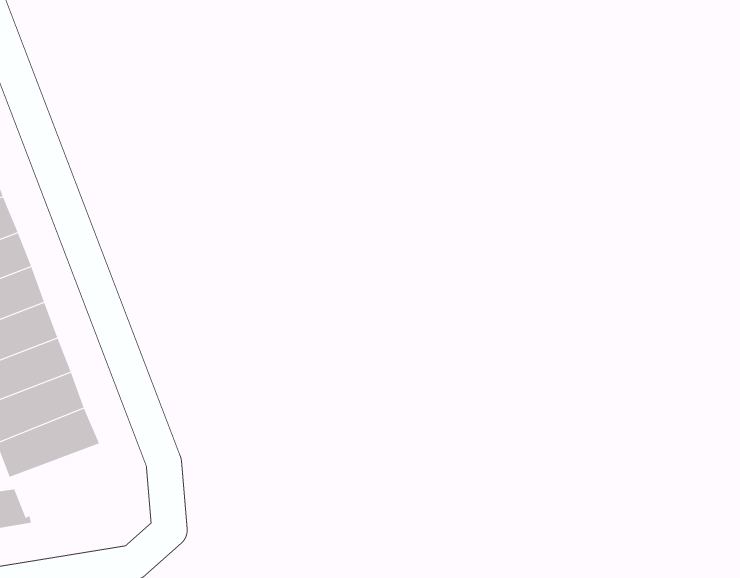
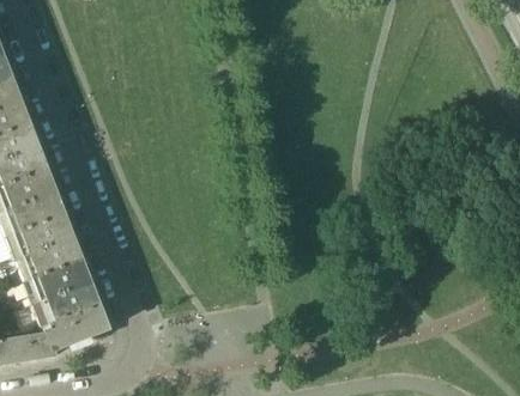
building: none -> [43,303,110,349]

